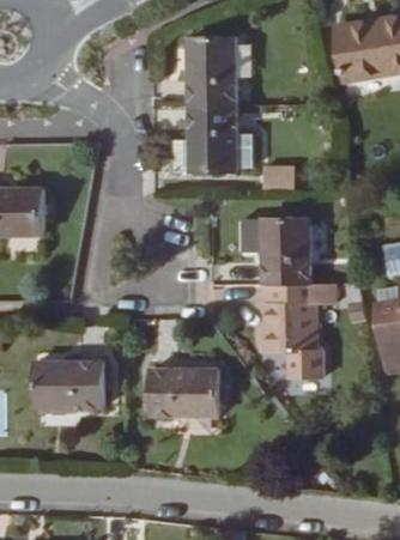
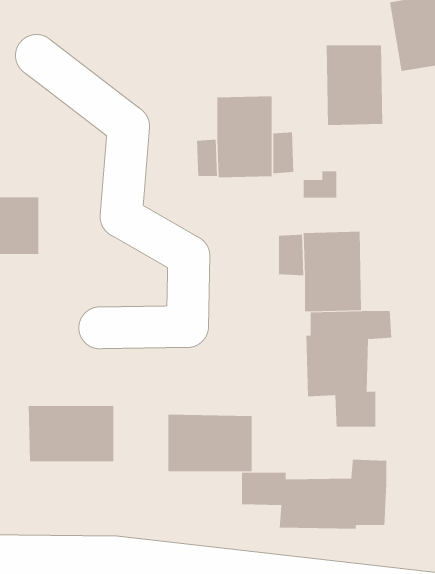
building: [187,37,235,104] -> [326,45,383,126]
building: none -> [242,459,387,529]

